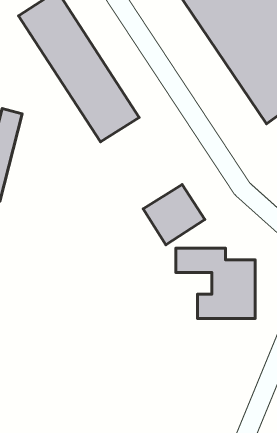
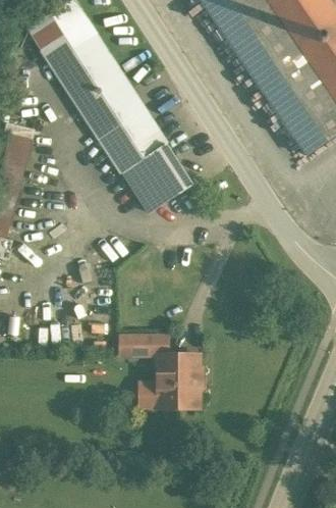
building: [143,184,205,245] -> [121,144,190,212]
building: [176,248,255,319] -> [119,333,209,412]

